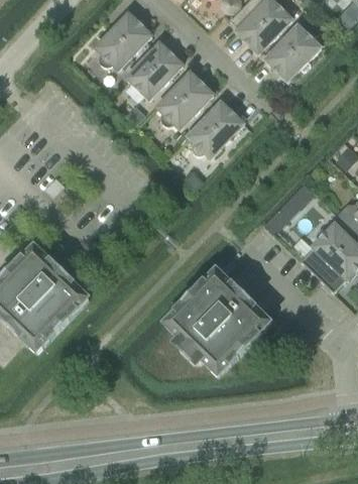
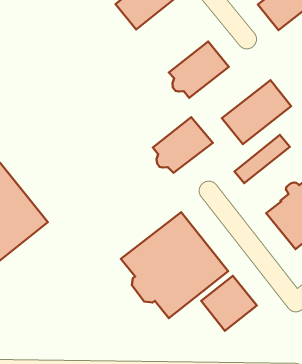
building: [157,71,215,127] -> [153,117,213,173]
building: none -> [222,80,291,144]
building: none -> [201,276,257,331]

